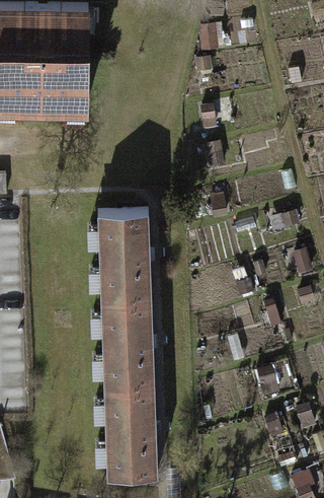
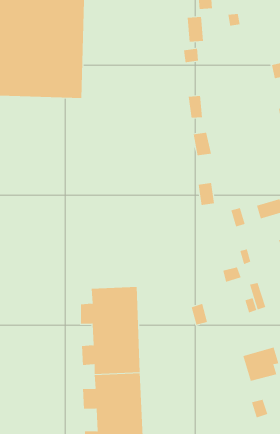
building: [87,212,149,302] -> none

